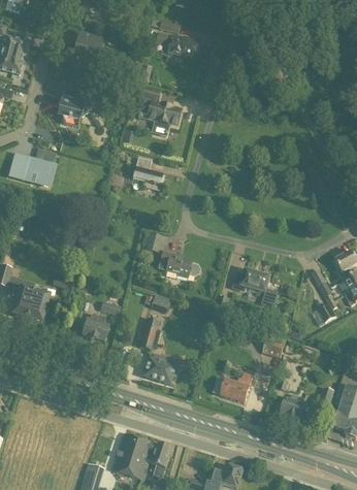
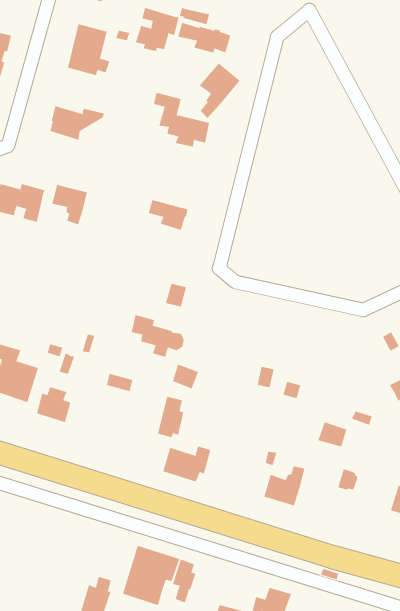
building: none -> [135,7,179,52]
building: none -> [199,62,241,119]
building: none -> [51,184,87,225]
building: [159,249,200,282] -> [131,315,185,358]
building: [233,269,278,306] -> none
building: [82,314,108,341] -> [36,386,71,423]
building: [280,397,310,421] -> none

